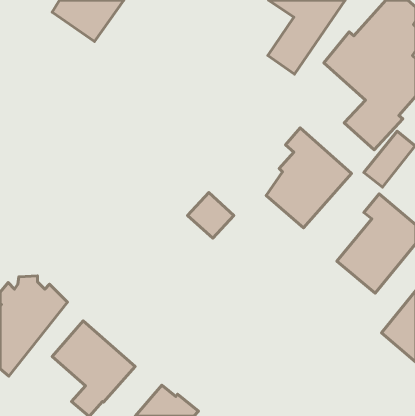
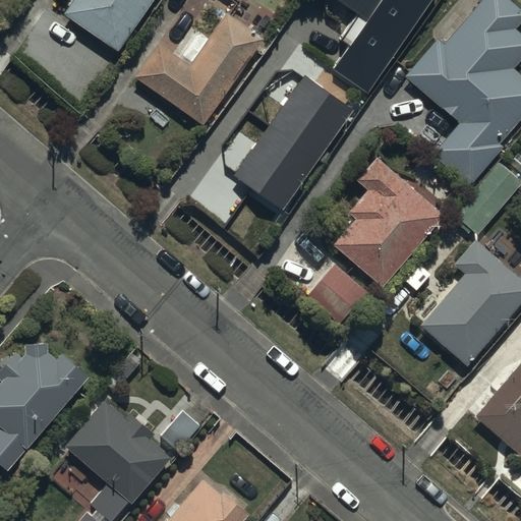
building: none -> [134,15,262,126]
building: none -> [234,74,351,210]
building: [188,193,234,238] -> [310,266,368,323]

